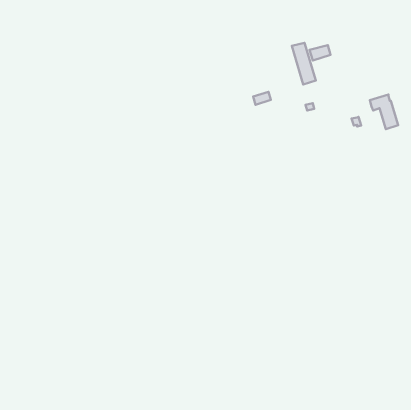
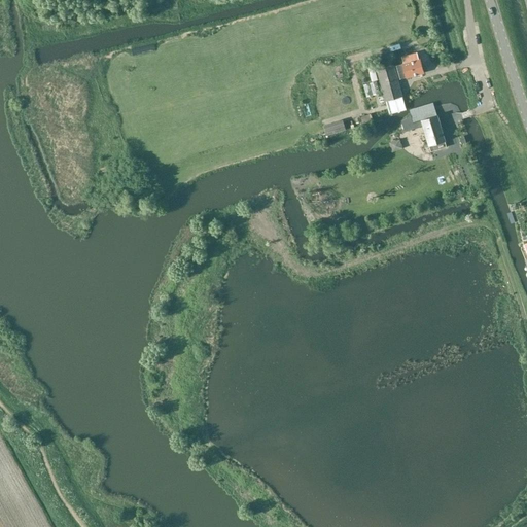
building: [370,94,398,129] -> [410,105,446,149]

